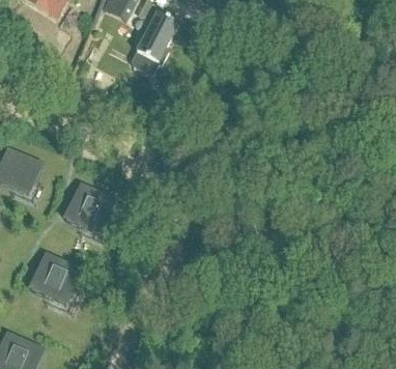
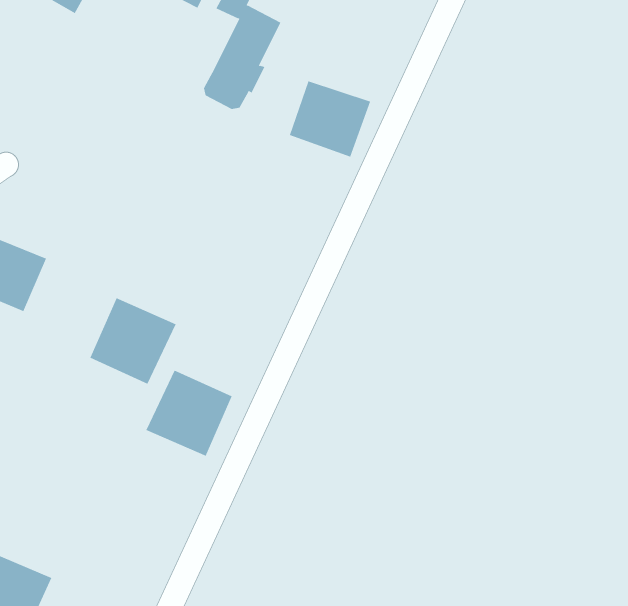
building: none -> [289,80,371,158]
building: [30,253,81,304] -> [146,370,233,457]

